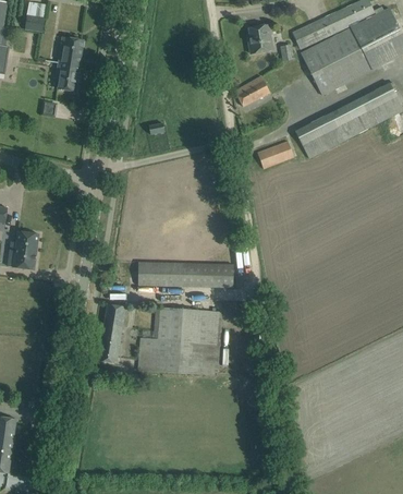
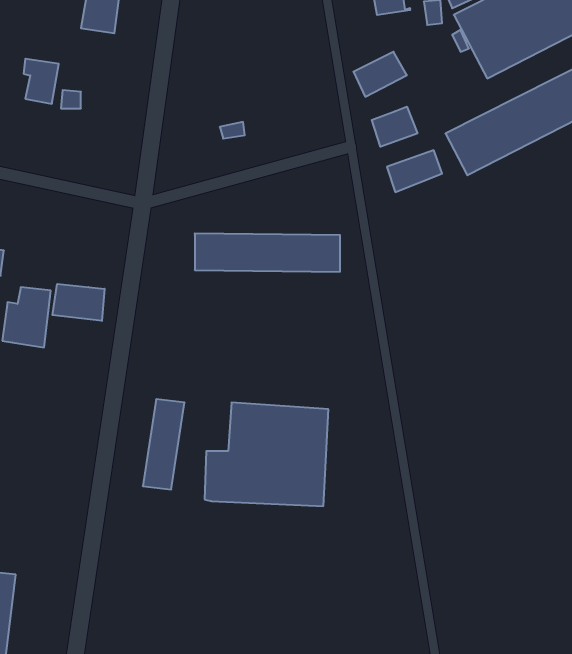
building: [57,62,80,92] -> [24,59,59,104]
building: none -> [372,107,417,147]
building: none -> [52,284,105,321]
building: [138,262,233,287] -> [195,233,340,272]

